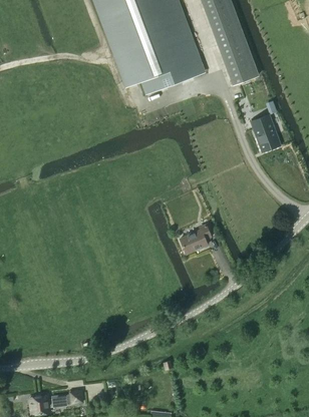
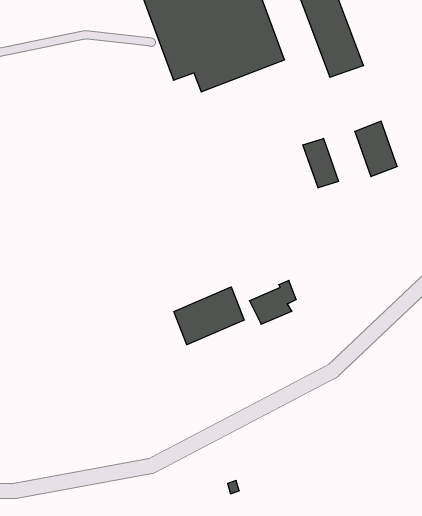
building: none -> [303,138,339,188]
building: none -> [174,287,244,345]

